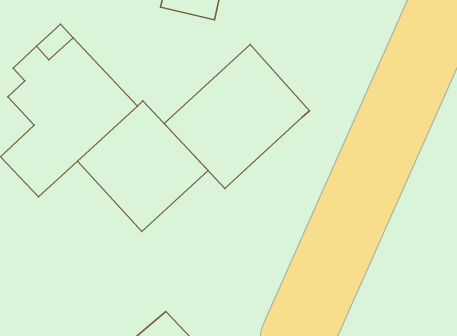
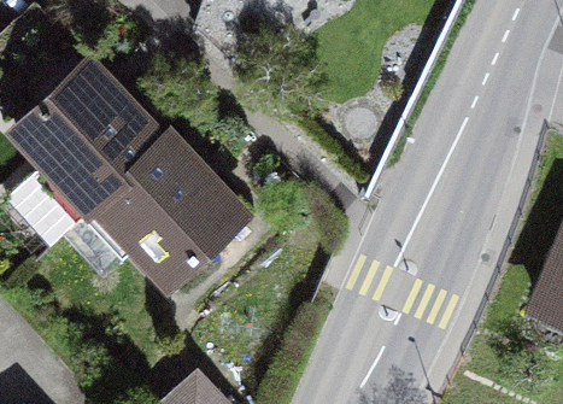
building: [164,44,309,189] -> none

